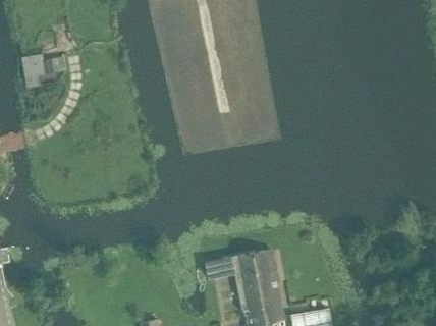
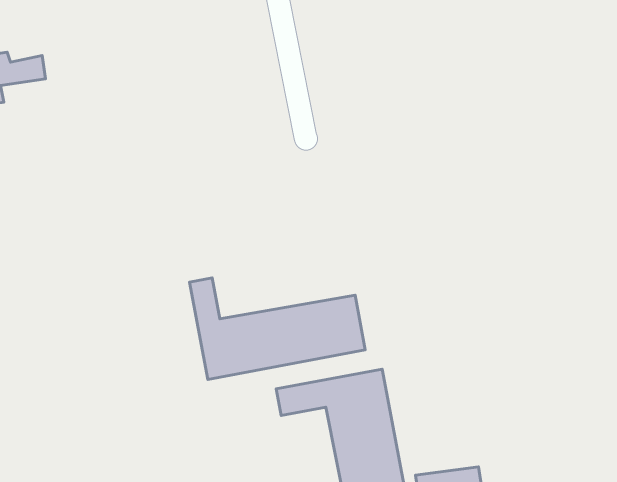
building: none -> [190,278,365,379]

